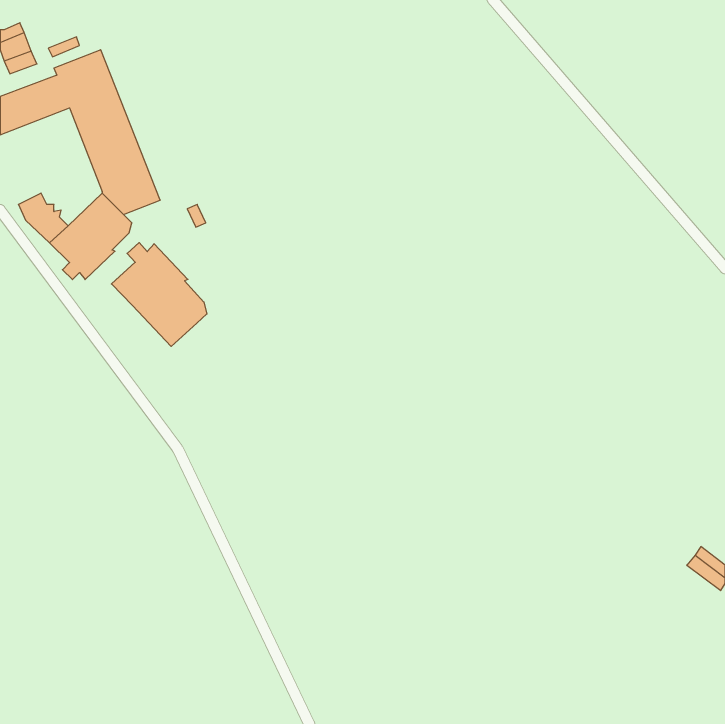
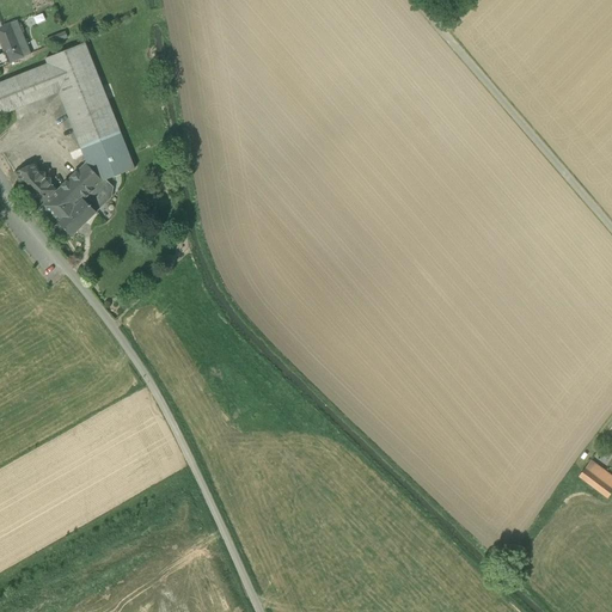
building: [111,243,207,346] -> none

